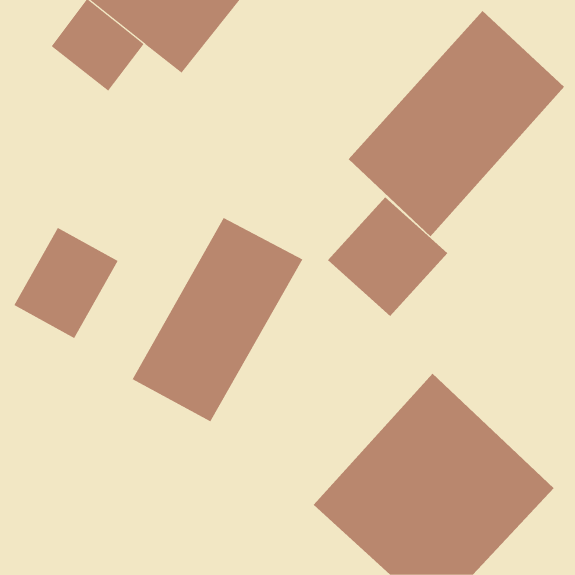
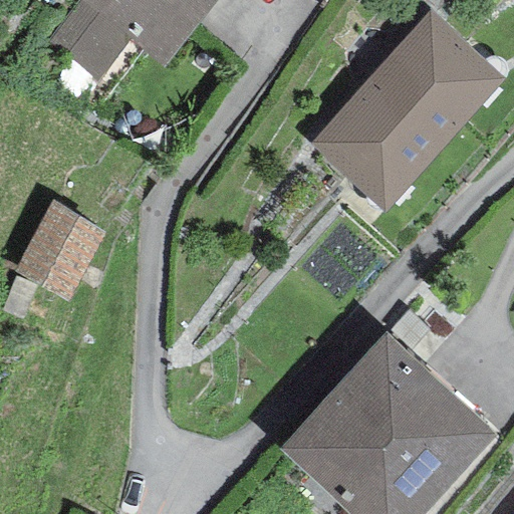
building: [327,196,448,317] -> none
building: [132,217,303,422] -> none

